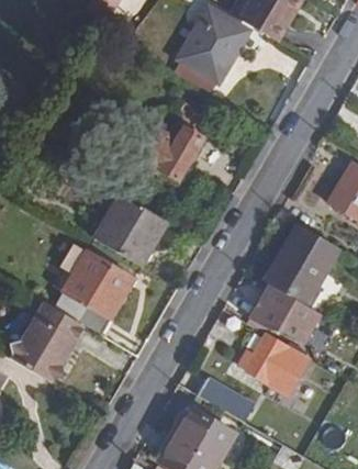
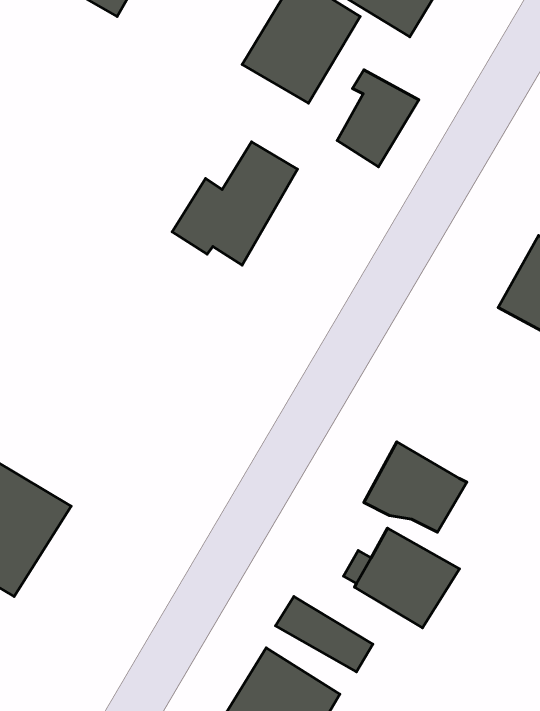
building: none -> [337,70,419,167]
building: [98,196,169,267] -> none
building: [266,225,342,306] -> none
building: [63,252,132,335] -> none

